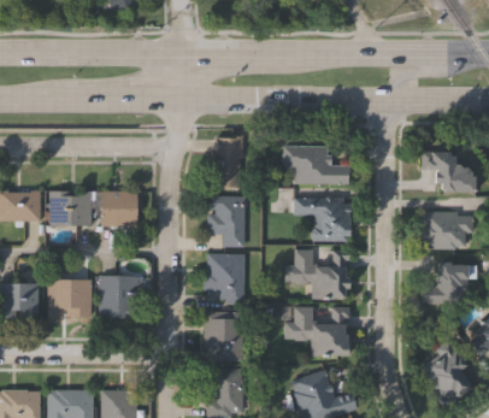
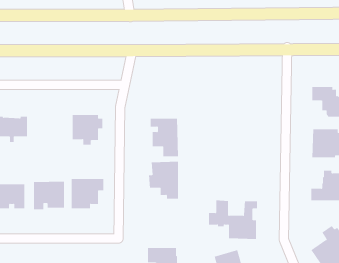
building: [211,133,243,186] -> none
building: [283,146,350,186] -> none
building: [51,189,92,224] -> none
building: [295,196,350,240] -> none
building: [284,248,350,298] -> none
building: [204,310,244,360] -> none

